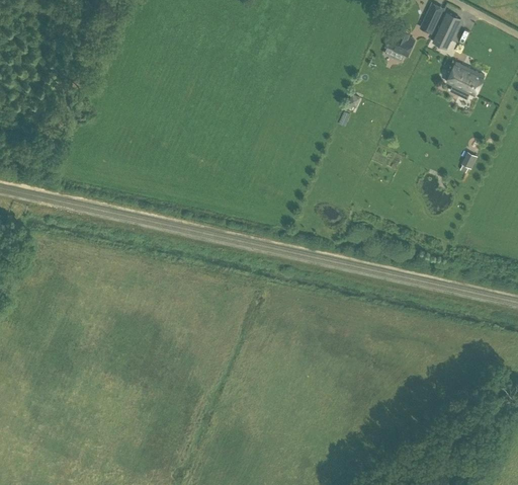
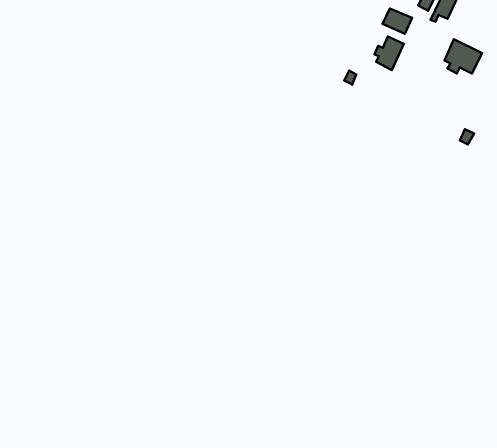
building: none -> [374,36,404,70]

